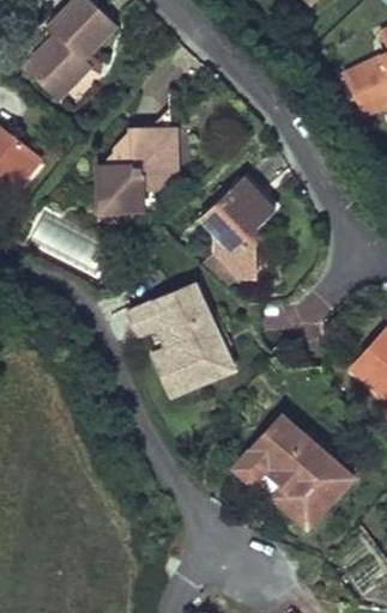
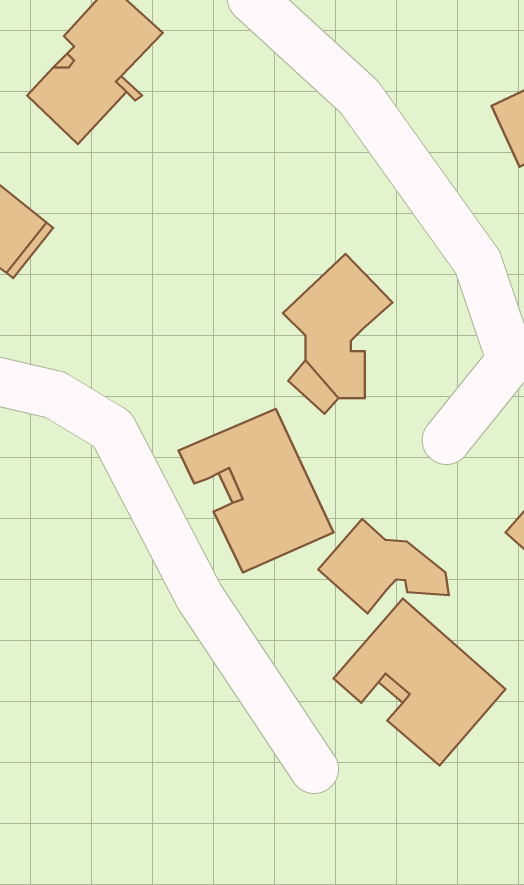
building: [96,134,171,211] -> none
building: [30,212,102,272] -> none
building: none -> [318,519,449,613]

